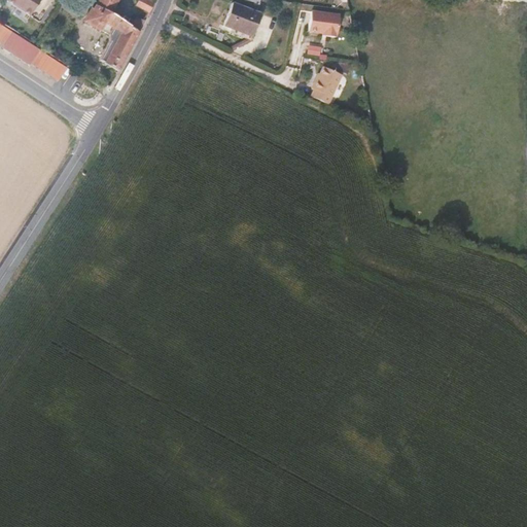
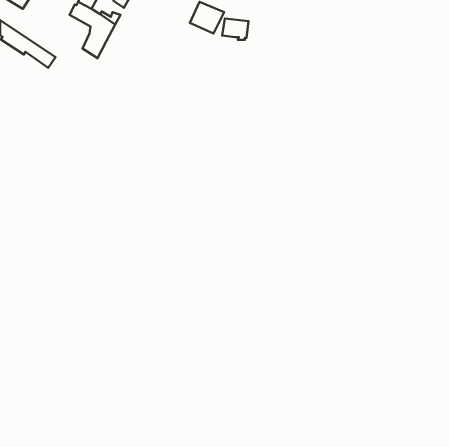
building: [312,11,343,36] -> [222,19,248,40]
building: [316,65,345,103] -> none

